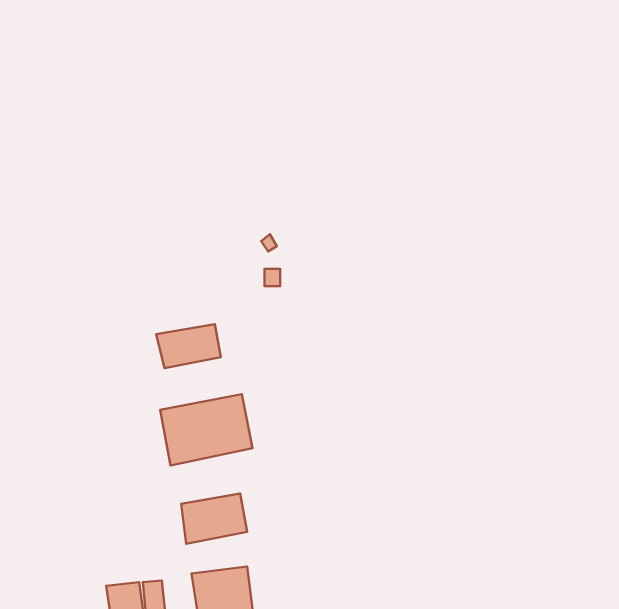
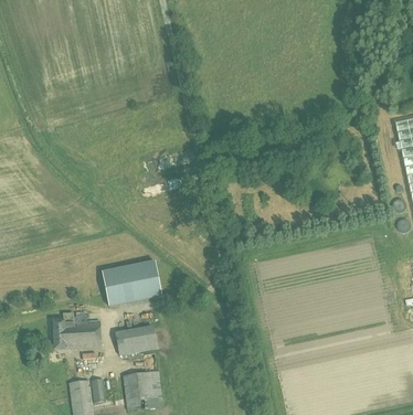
building: [156,324,221,368] -> none
building: none -> [53,312,102,349]

